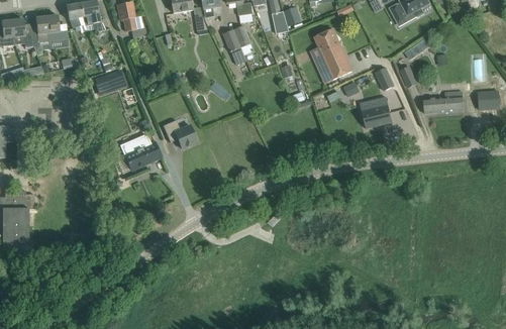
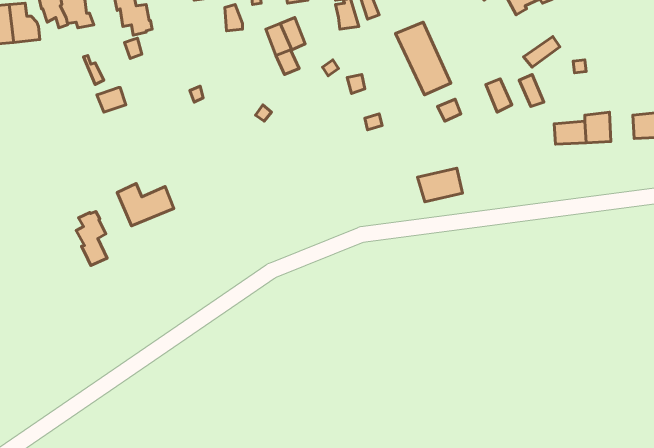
building: [361,104,392,127] -> [417,168,463,202]
building: [162,119,196,147] -> none
building: none -> [76,211,107,266]

